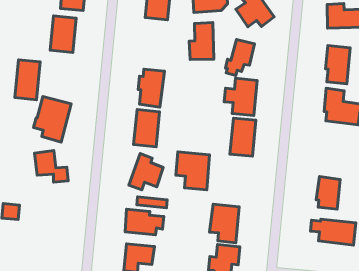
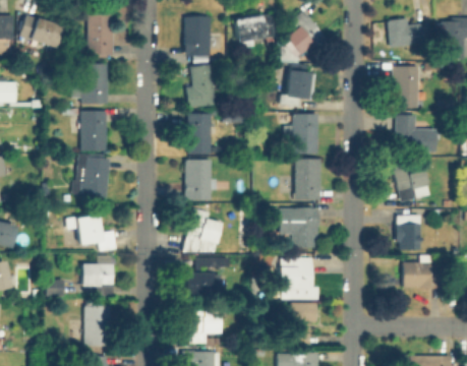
building: [189,23,214,60] -> [186,64,216,108]
building: [15,60,40,100] -> [82,108,107,150]
building: none -> [394,164,430,202]
building: [176,152,209,190] -> [280,208,316,248]
building: none -> [82,255,114,296]
building: none -> [84,307,109,345]

